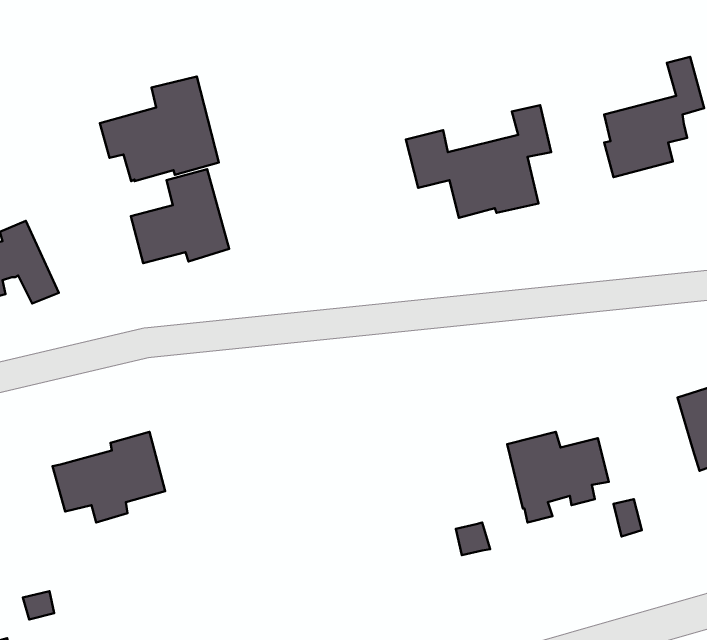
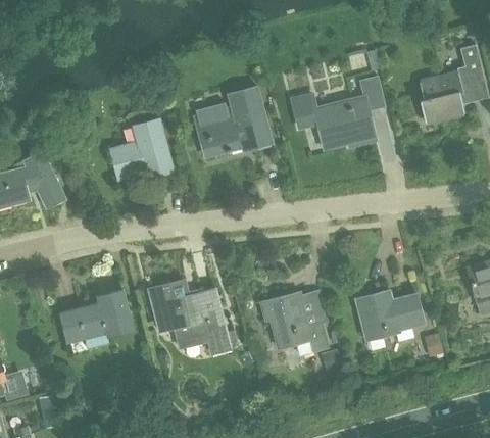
building: [100,76,219,181] -> [194,87,272,155]
building: none -> [147,279,238,356]
building: none -> [259,289,328,350]

